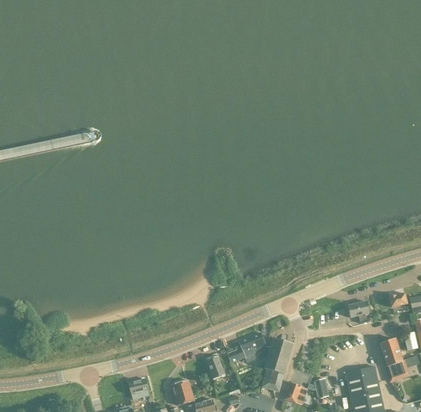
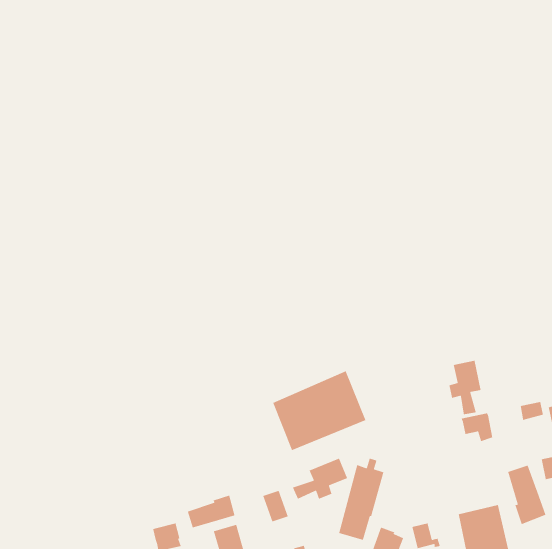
building: none -> [448,360,482,415]
building: none -> [272,370,366,451]
building: none -> [187,495,235,528]

